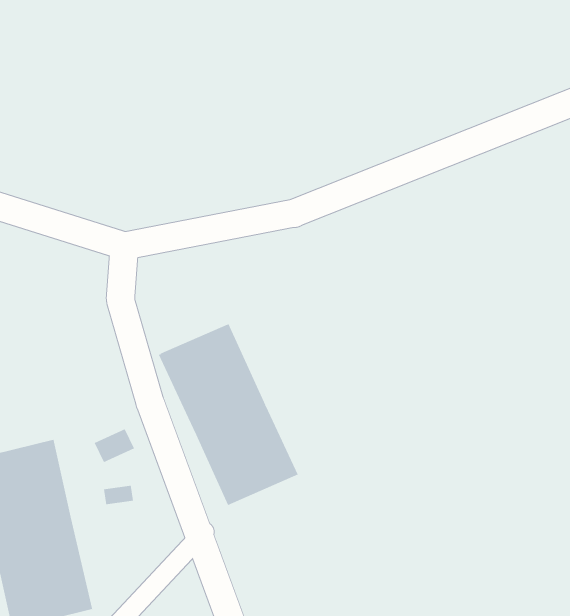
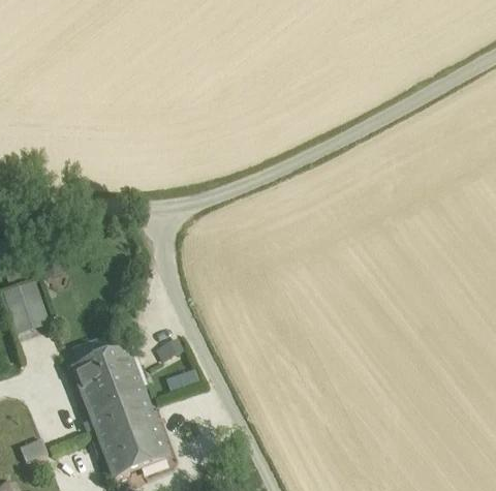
building: [158,323,298,506] -> none

